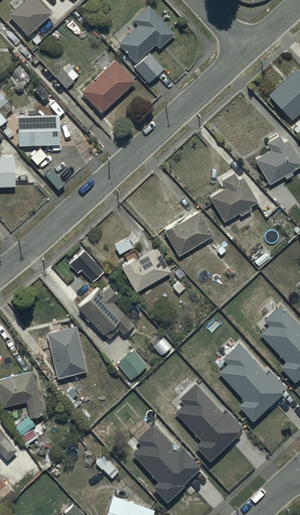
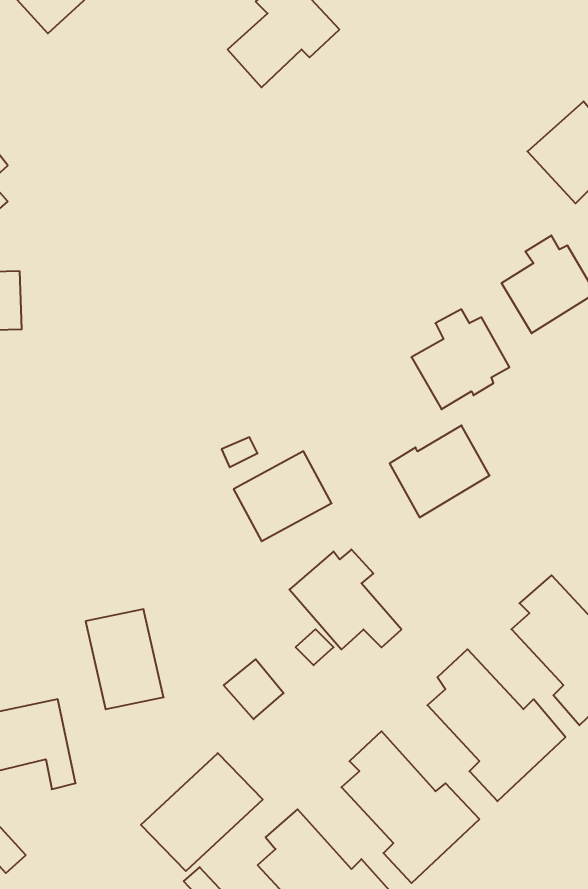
building: [134,52,163,83] -> none
building: [82,59,134,111] -> none
building: [18,114,59,145] -> none
building: [163,210,213,256] -> [390,425,490,517]
building: [69,252,104,283] -> none
building: [77,284,133,335] -> [289,549,401,649]
building: none -> [141,753,263,871]

